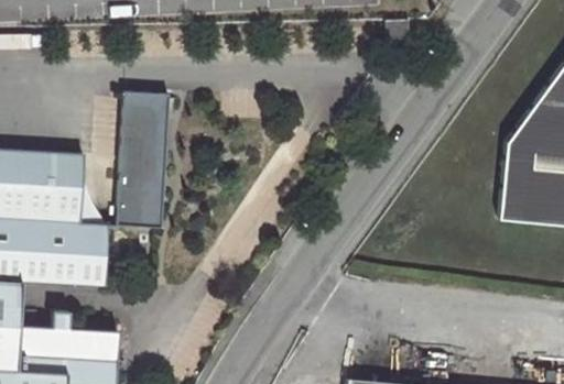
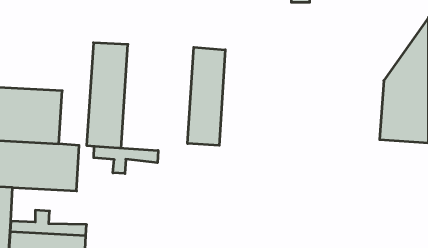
building: none -> [188,47,225,145]
building: none -> [94,146,158,174]

